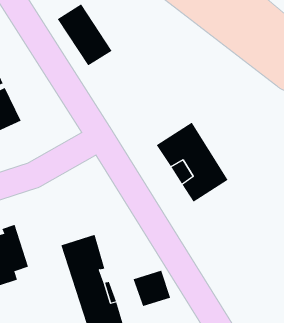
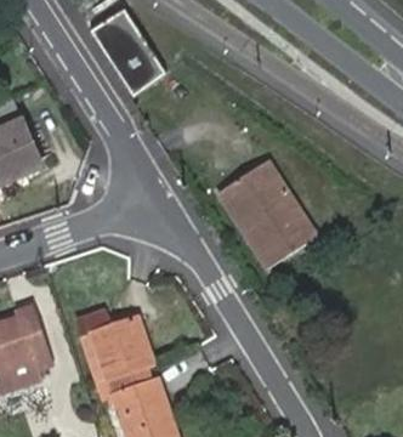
building: [133,270,171,307] -> none

